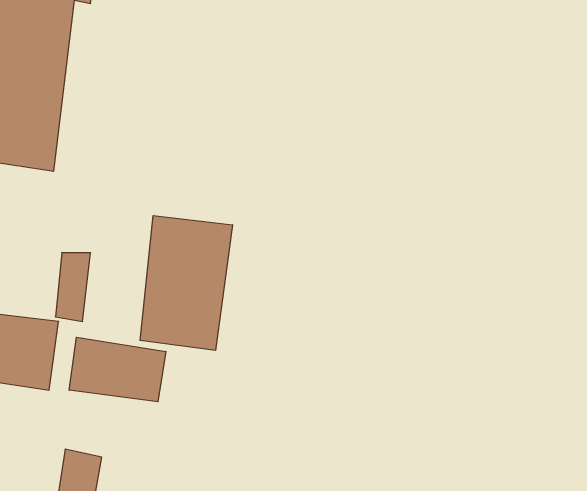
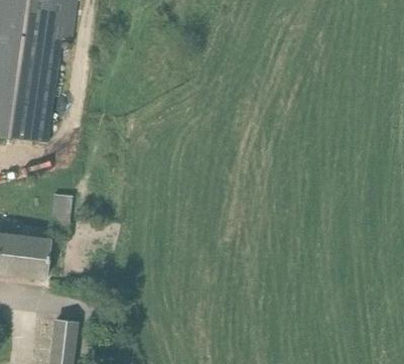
building: [140,216,232,350] -> none
building: [69,337,166,402] -> none

